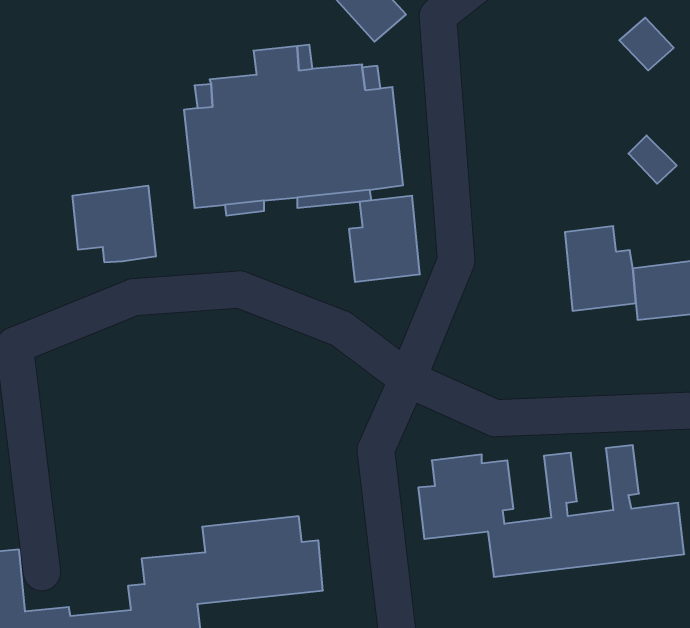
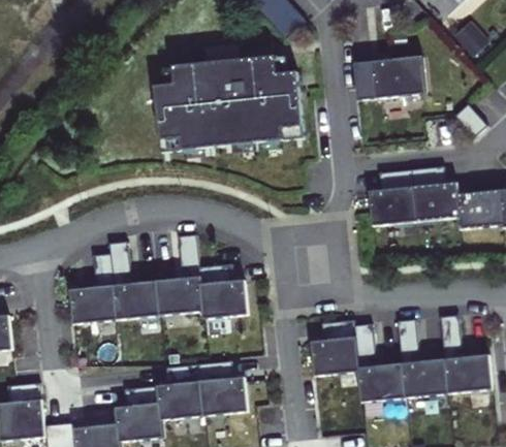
building: none -> [353,54,425,98]
building: [73,186,156,262] -> none
building: [349,196,420,282] -> [369,167,417,226]
building: none -> [69,234,248,325]

